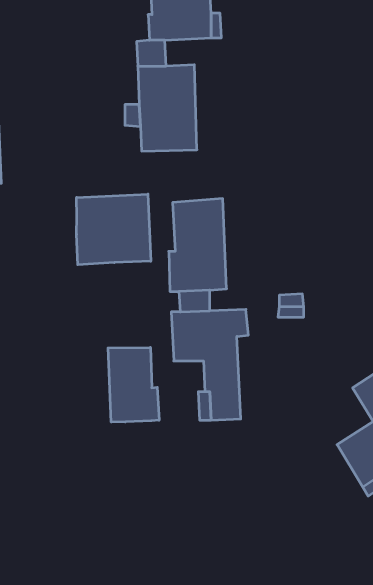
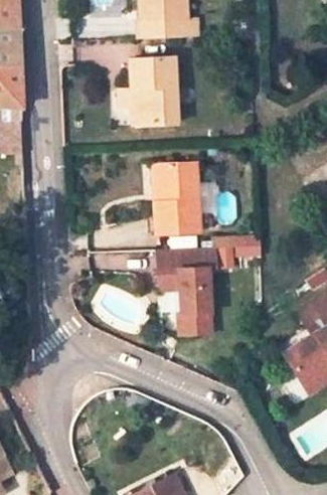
building: [77,194,151,265] -> none
building: [108,347,159,422] -> none

